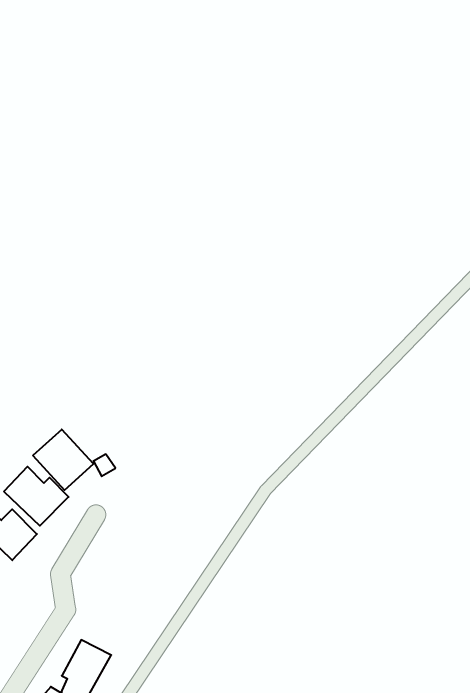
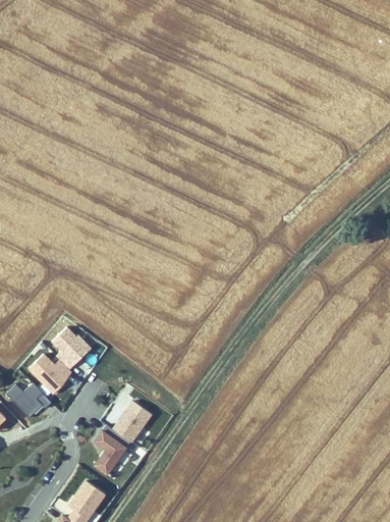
building: none -> [112,400,153,443]
building: none -> [92,429,127,477]

